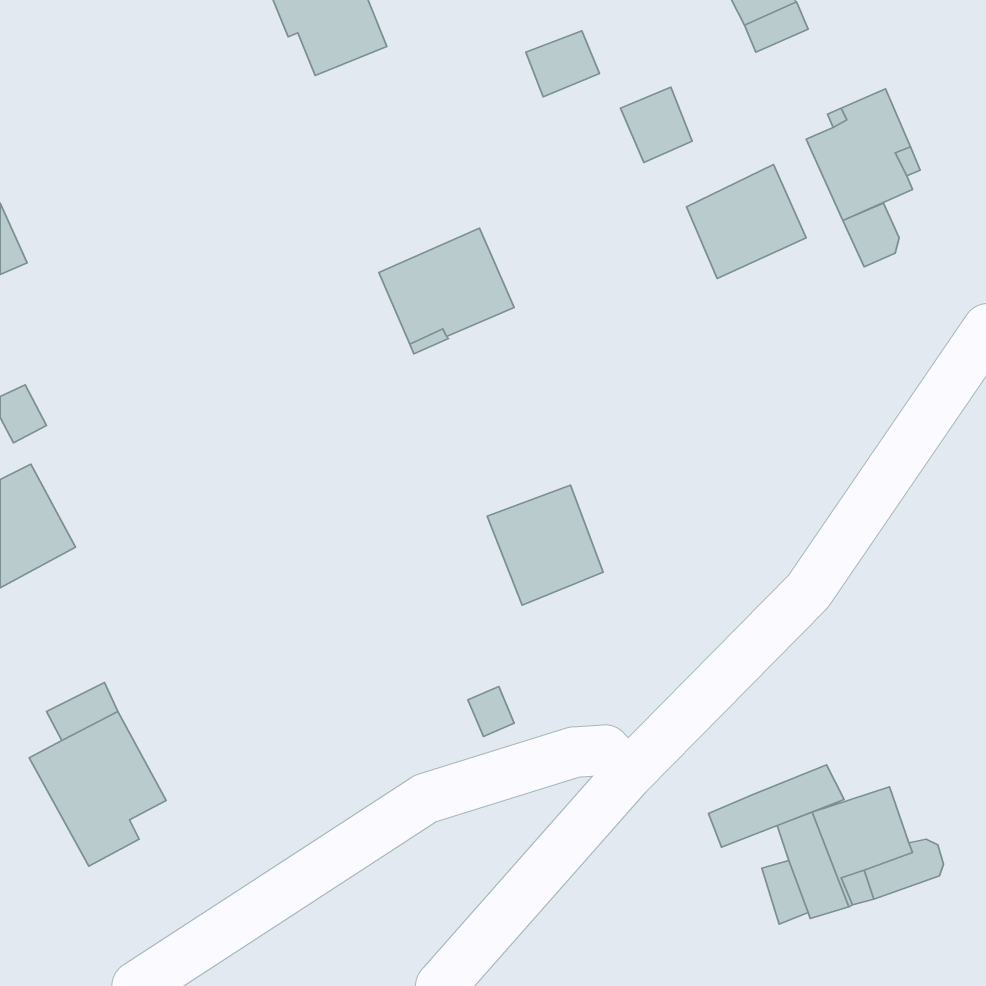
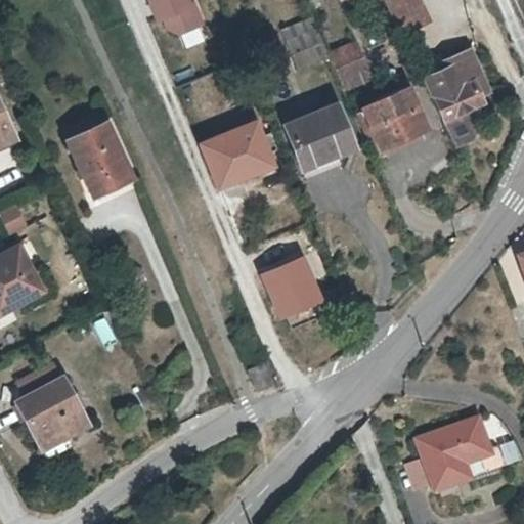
building: none -> [287,103,353,165]
building: none -> [70,123,132,195]
building: [709,765,844,847] -> none

